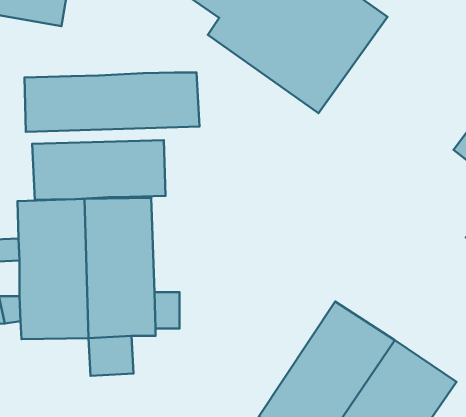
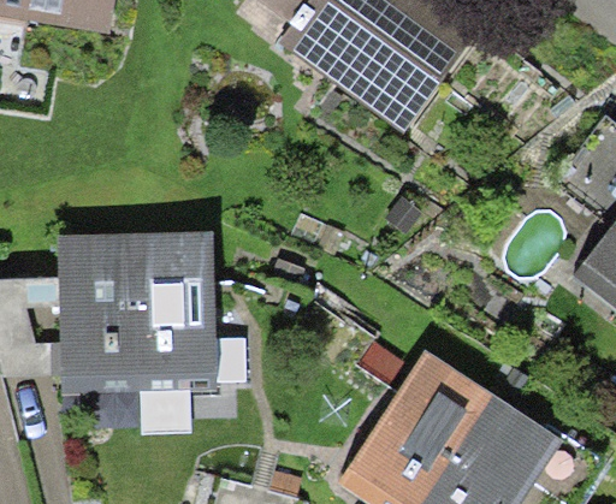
building: [24,72,199,132] -> none
building: [32,140,165,200] -> none

